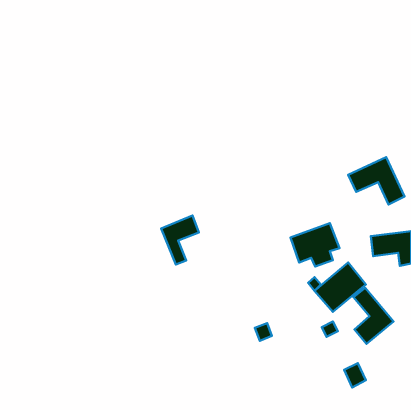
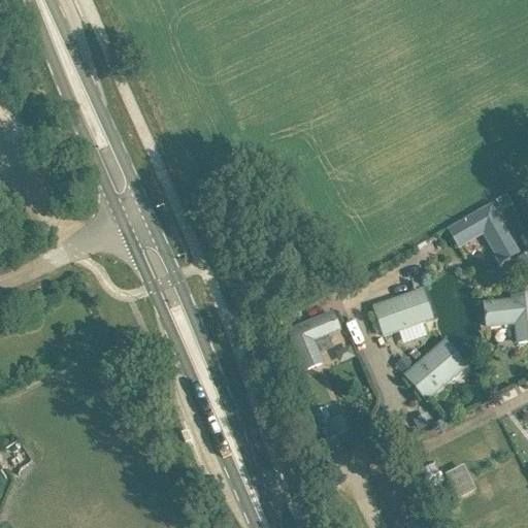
building: [161,215,199,265] -> [293,306,341,369]
building: [353,288,393,344] -> none

